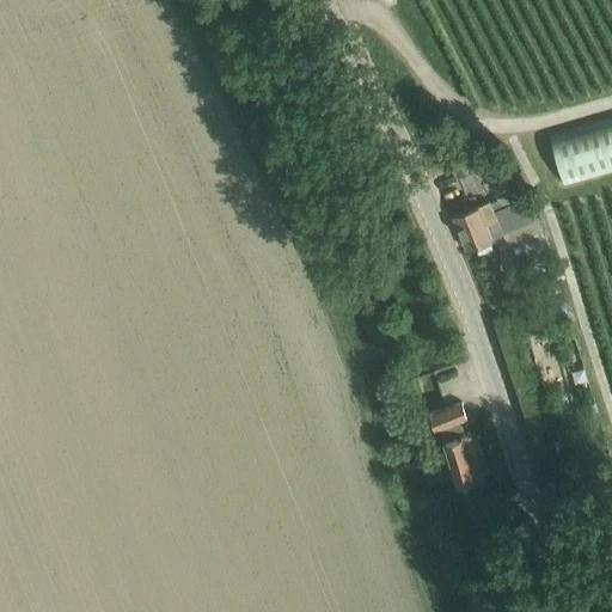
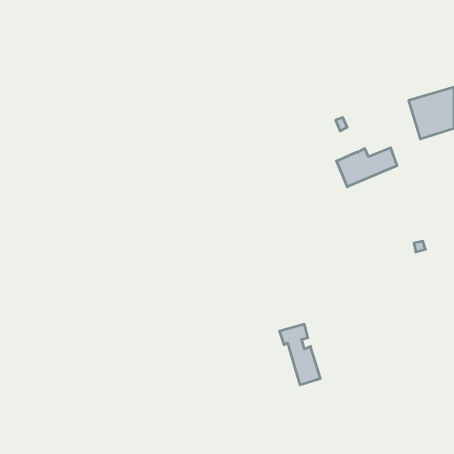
building: [429,403,484,484] -> [279,324,320,385]

